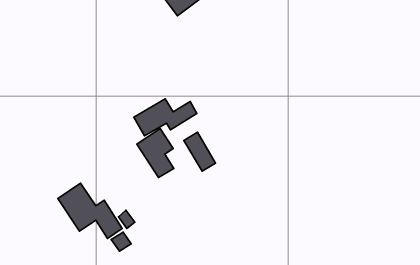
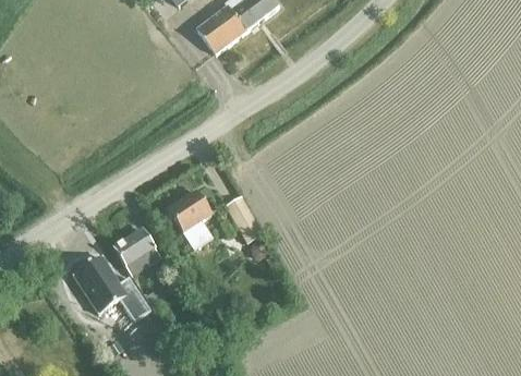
building: [134,99,197,136] -> none
building: none -> [113,226,160,272]

